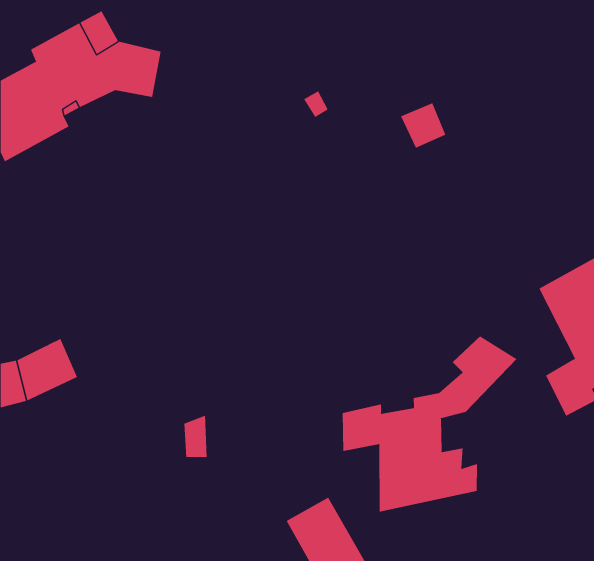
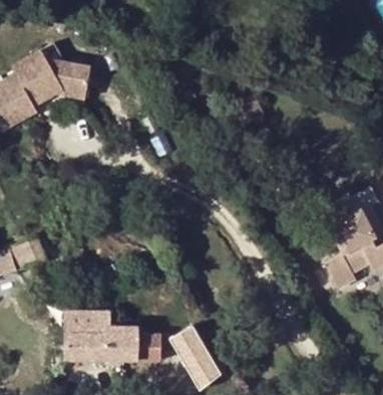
building: [342,335,517,513] -> none
building: none -> [64,312,161,362]

